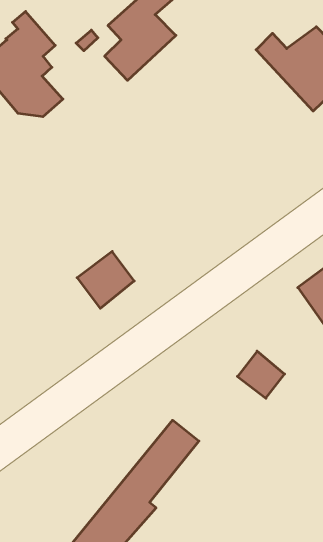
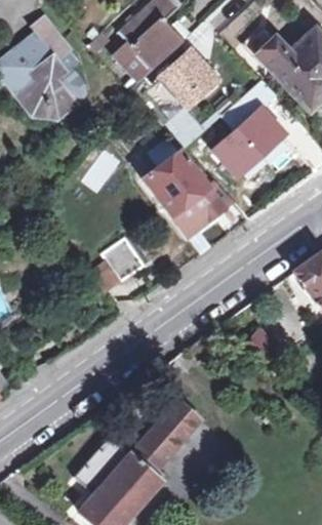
building: none -> [147,50,214,117]
building: none -> [210,81,285,176]
building: none -> [140,151,231,234]

